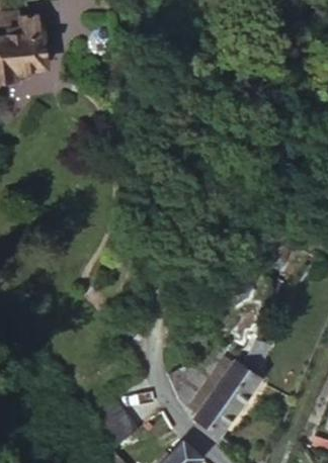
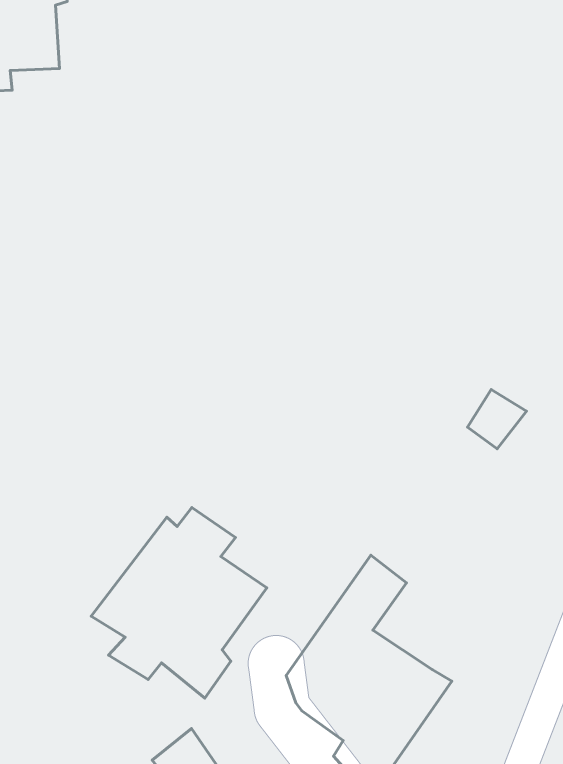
building: none -> [91,507,267,698]

